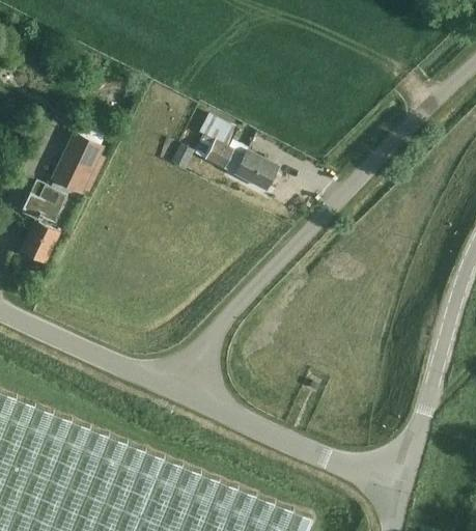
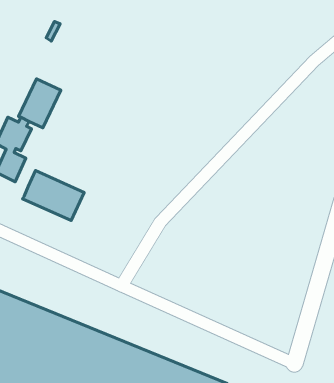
building: [192,115,277,192] -> none
building: none -> [23,171,84,221]

